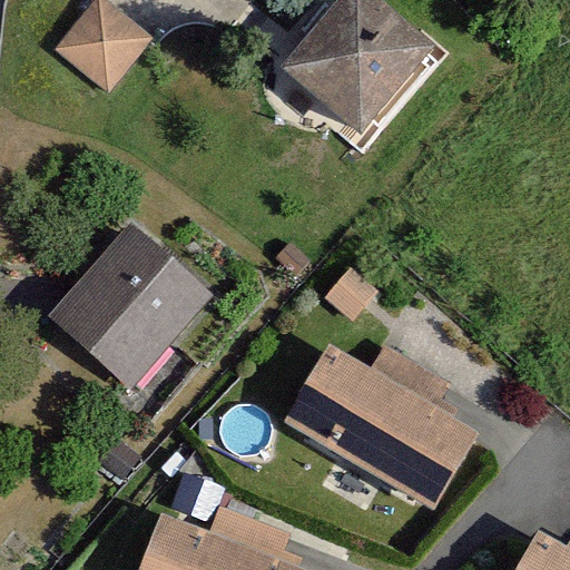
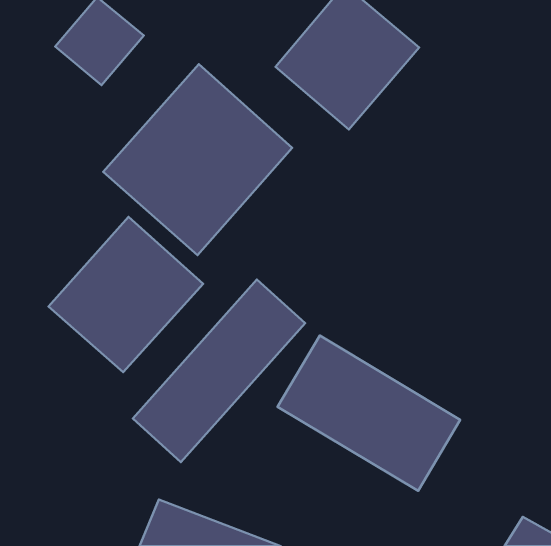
building: none -> [103,64,292,255]
building: none -> [133,279,305,462]

